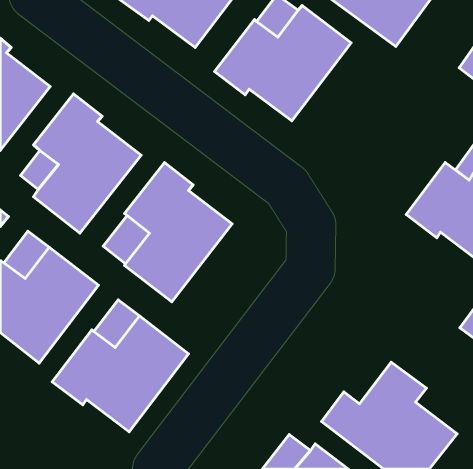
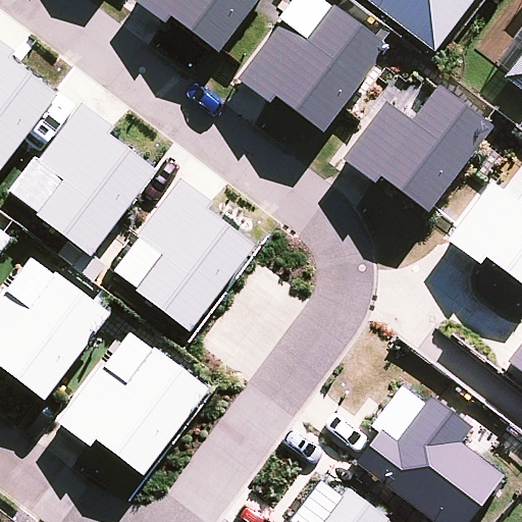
building: none -> [343,85,492,212]

